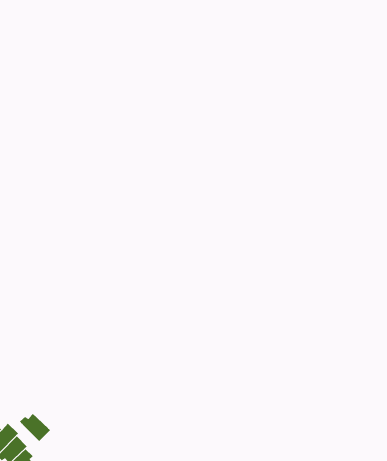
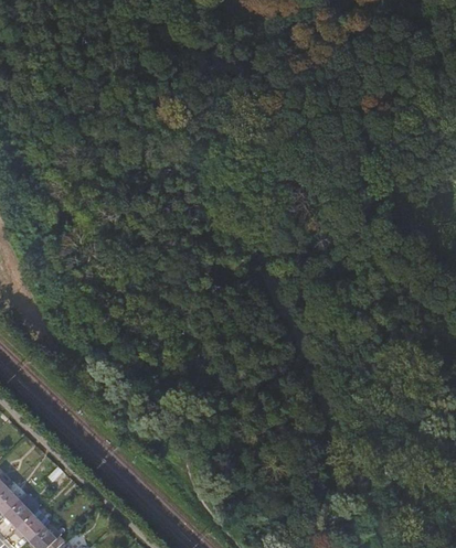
building: [19,413,51,442] -> none

